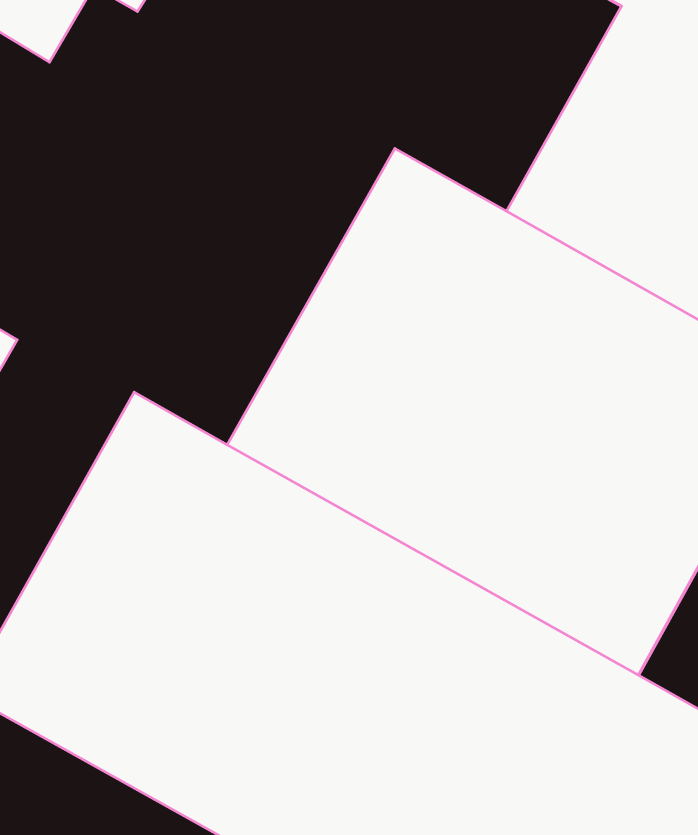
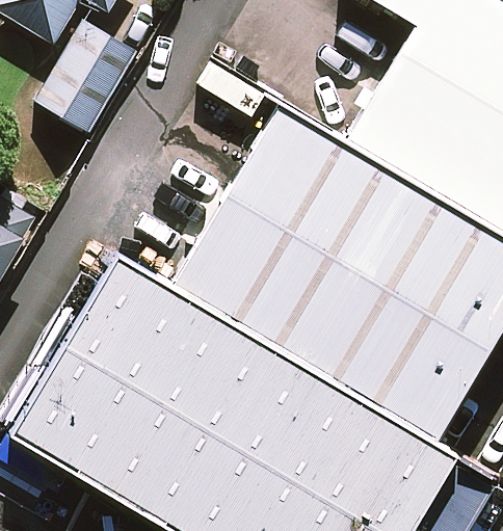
building: none -> [43,25,141,136]

